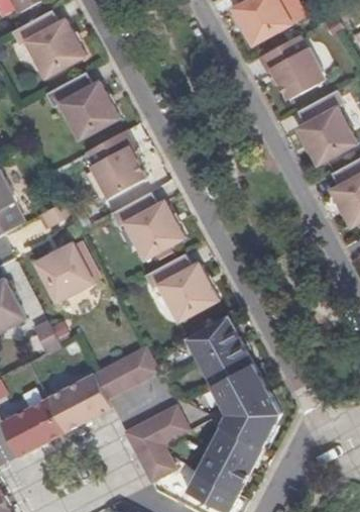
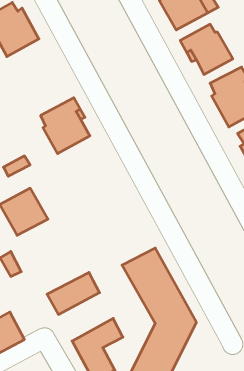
building: [42,71,120,140] -> none
building: [106,191,186,262] -> none
building: [144,255,219,321] -> none
building: [46,373,110,431] -> none

